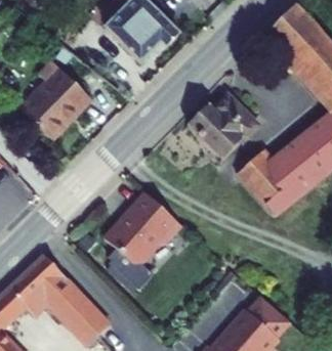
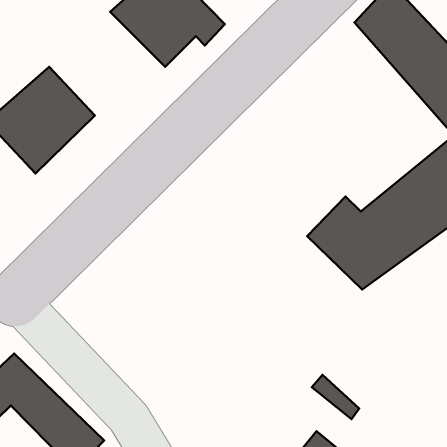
building: [185,100,255,164] -> none
building: [101,193,179,265] -> none

